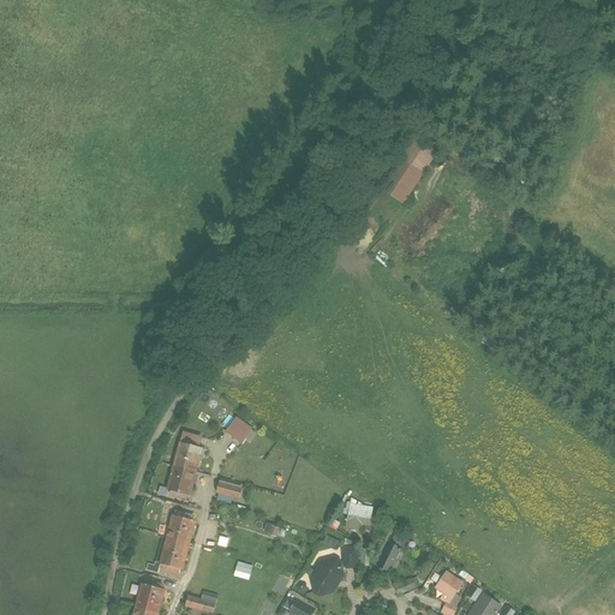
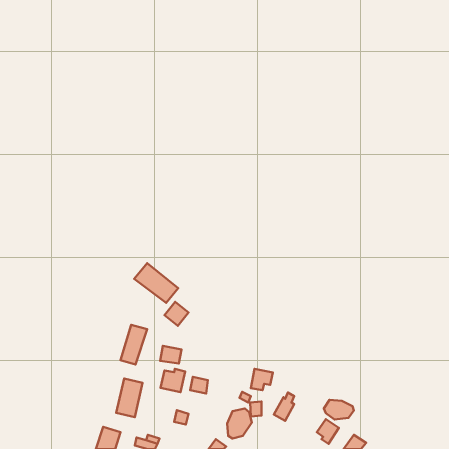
building: [376,136,438,204] -> none
building: none -> [134,263,178,303]
building: none -> [161,369,185,392]
building: none -> [324,400,354,419]

